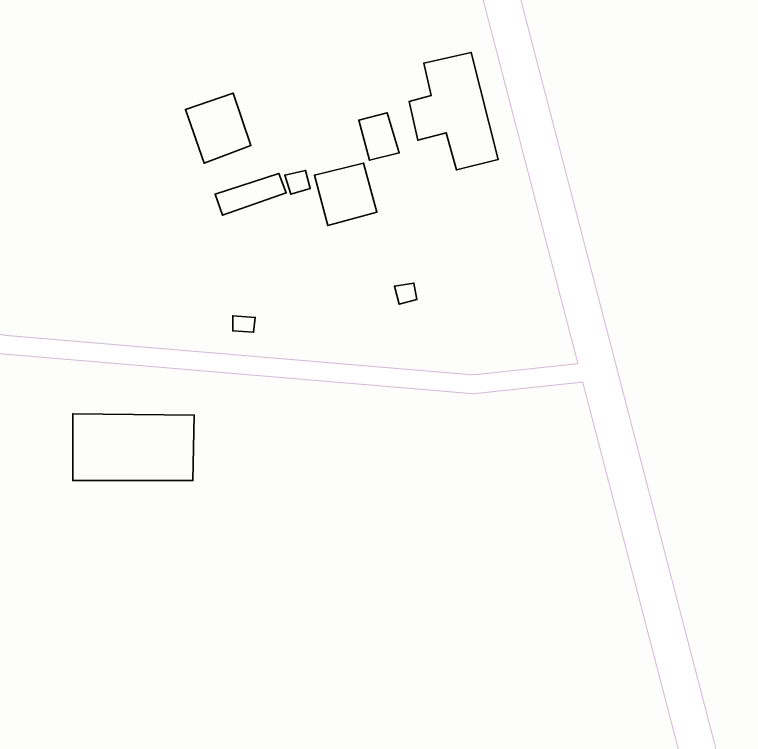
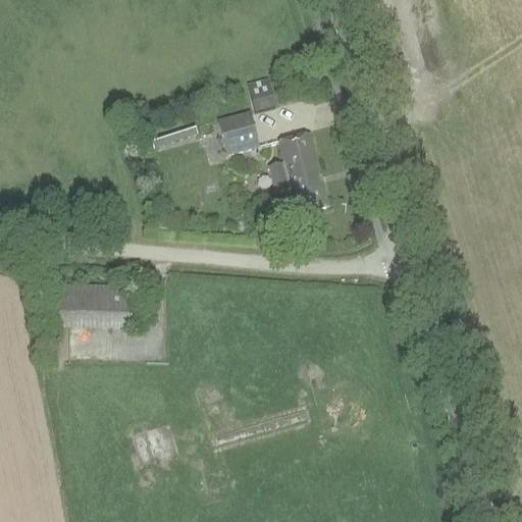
building: [409,53,498,170] -> [269,132,330,212]
building: [186,93,251,163] -> none

